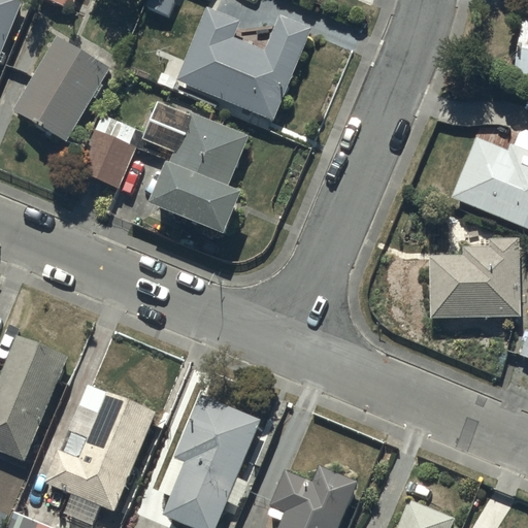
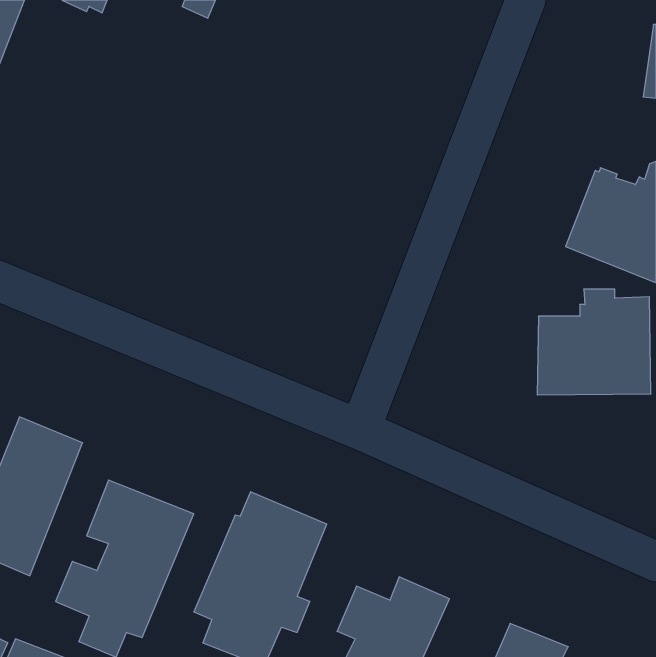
building: [176,8,310,120] -> none
building: [11,37,110,141] -> none
building: [154,113,249,232] -> none
building: [76,117,140,190] -> none

